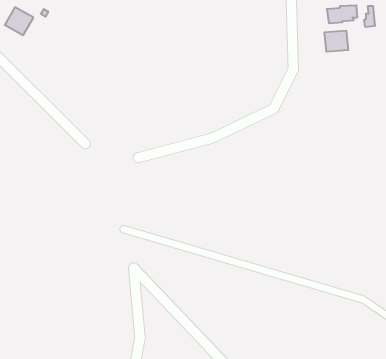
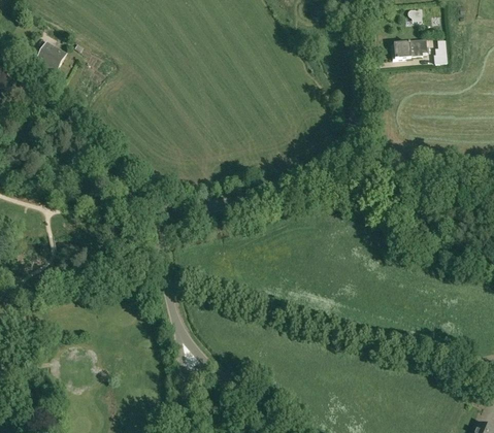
building: [324,31,348,52] -> none

